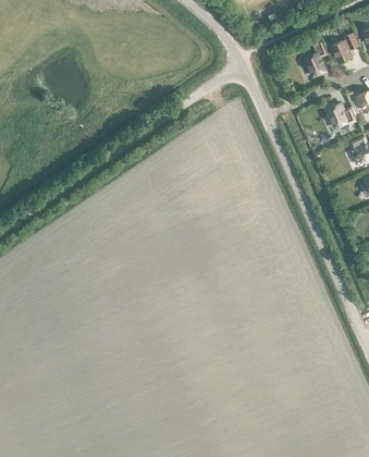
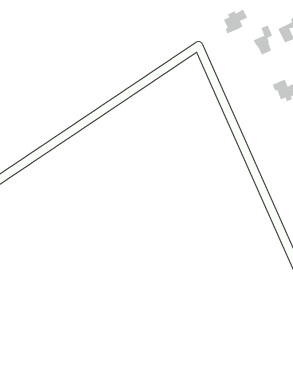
building: none -> [223,9,248,34]

